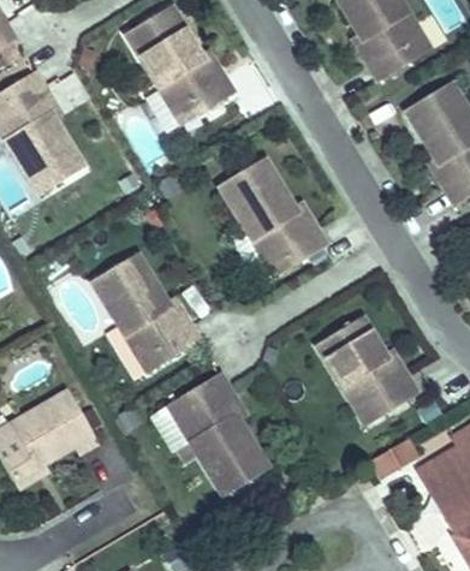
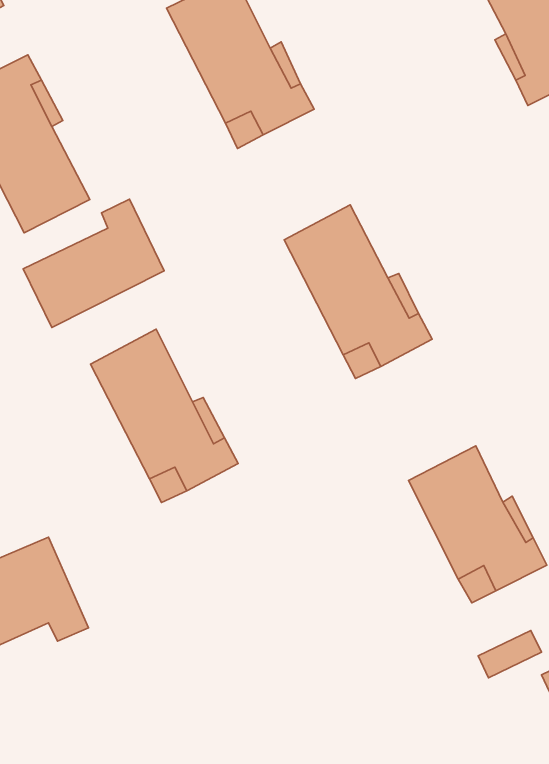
building: none -> [23,199,164,328]
building: [177,373,267,495] -> none

